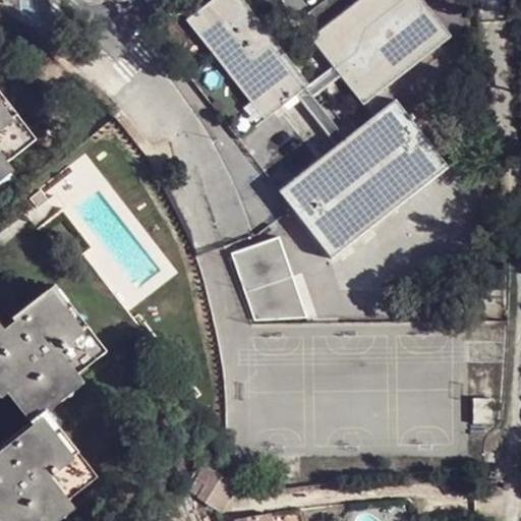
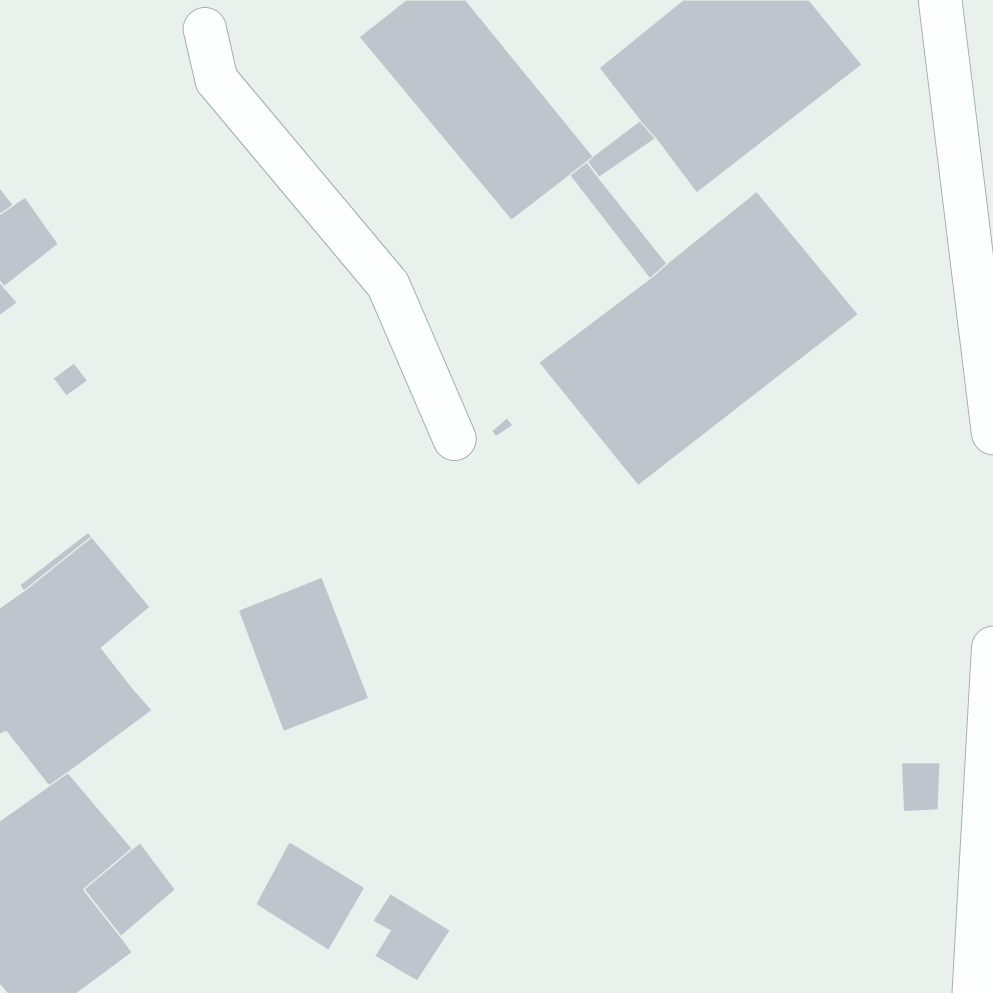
building: [230,243,298,324] -> [238,577,369,731]
building: [53,316,102,363] -> none
building: none -> [255,842,365,951]

